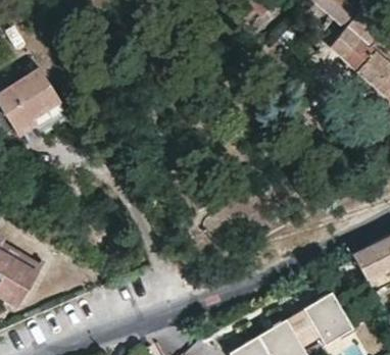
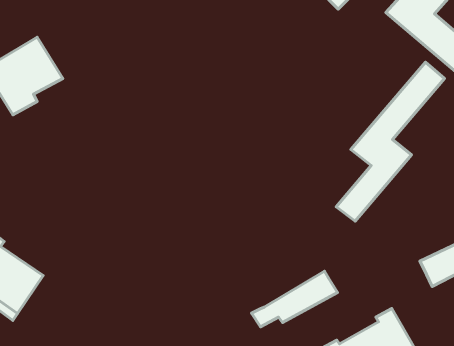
building: none -> [336,62,444,221]
building: none -> [251,271,337,327]

